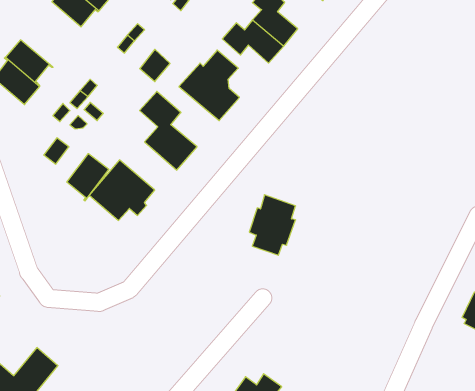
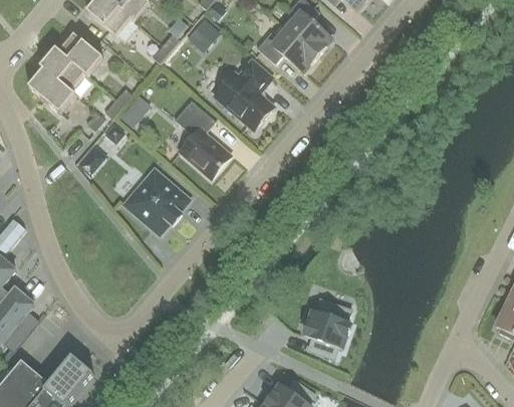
building: none -> [55,32,102,75]
building: [140,49,170,82] -> [188,19,218,51]
building: [67,154,109,201] -> none
building: [249,195,296,255] -> [304,297,350,358]

